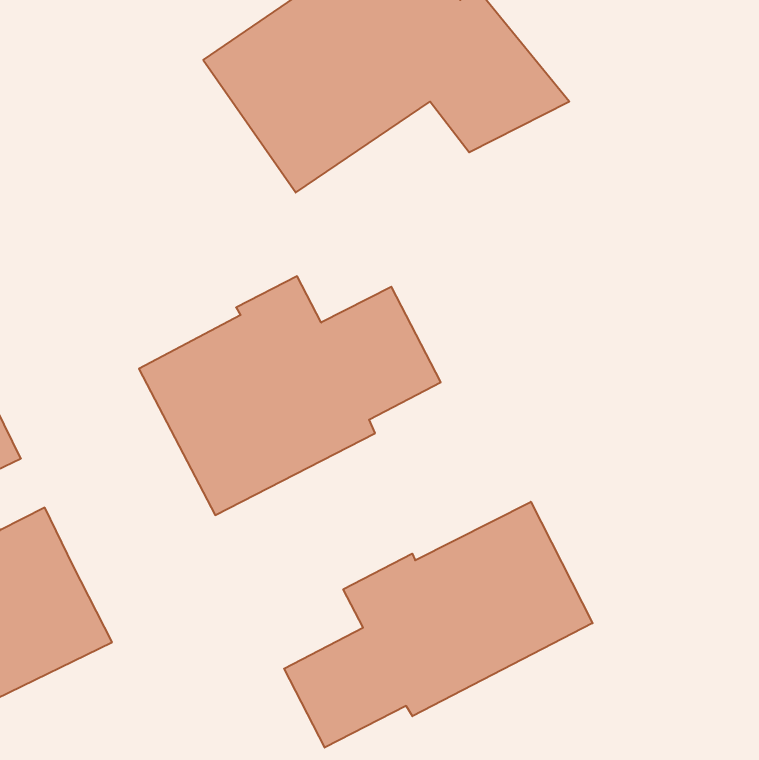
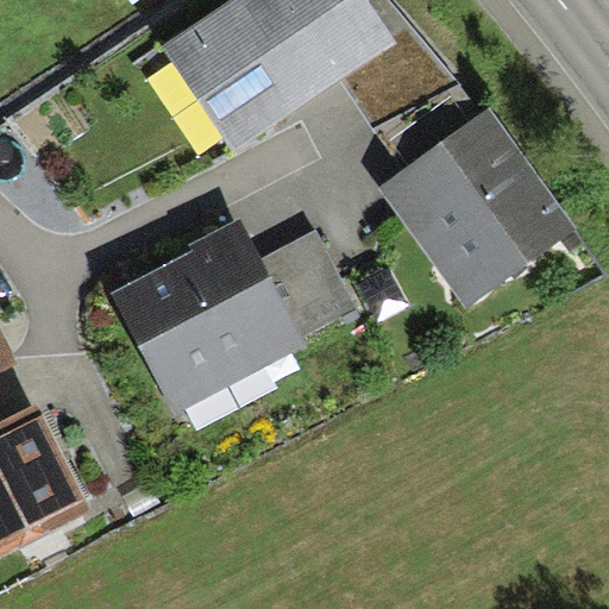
building: none -> [377,92,578,309]
building: [284,502,593,748] -> none

